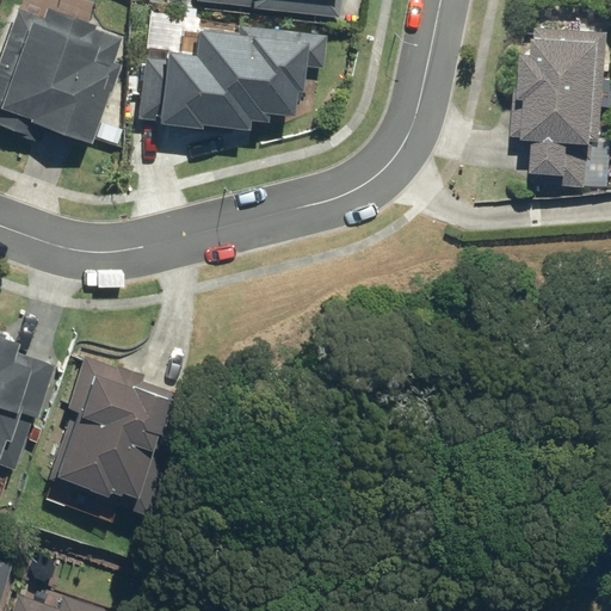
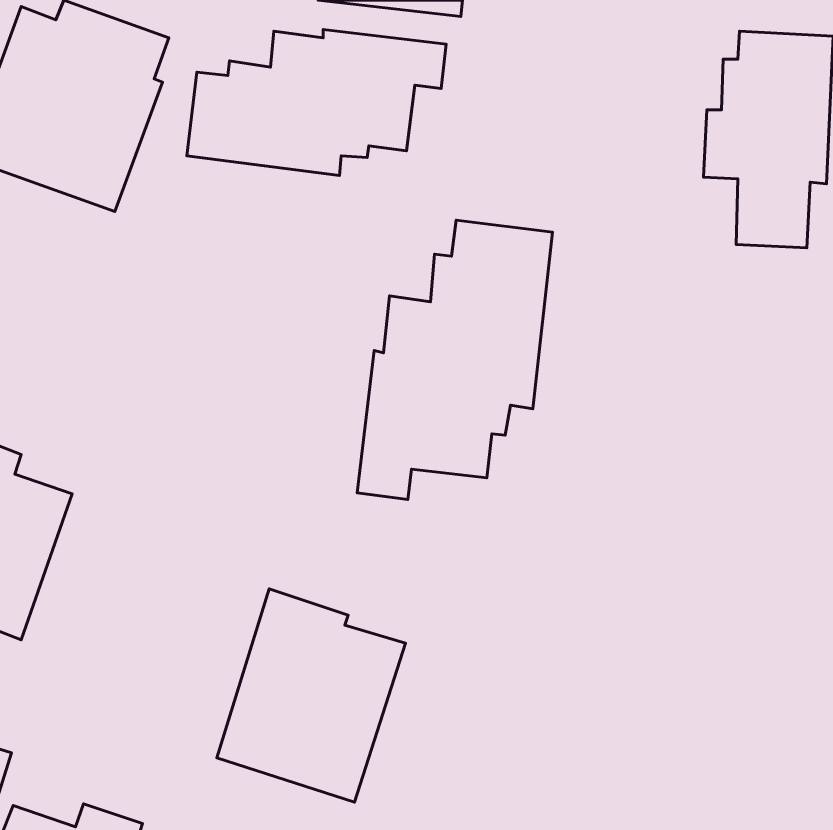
building: none -> [357,220,552,499]
building: [45,356,183,511] -> [217,589,405,802]

